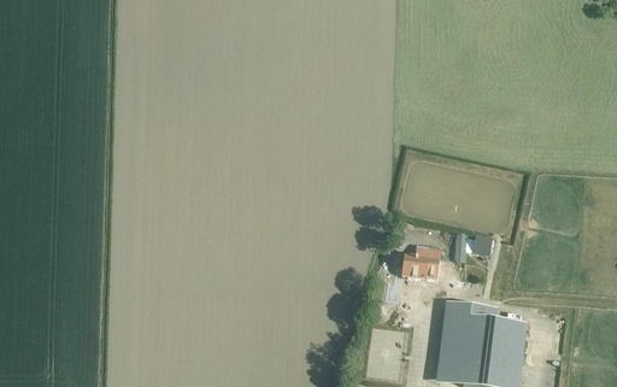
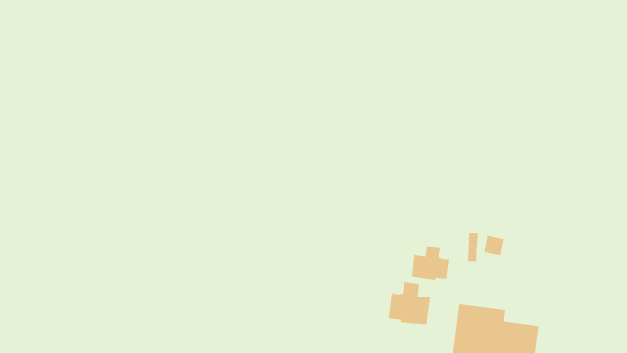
building: none -> [388,281,431,325]

